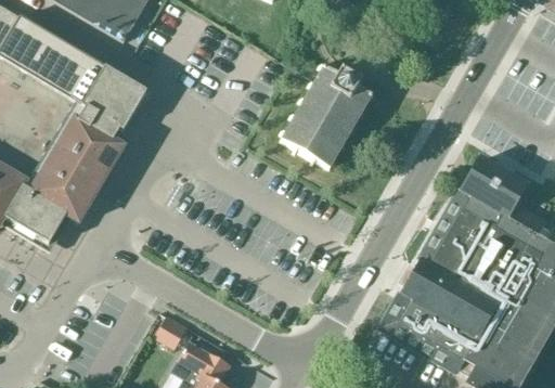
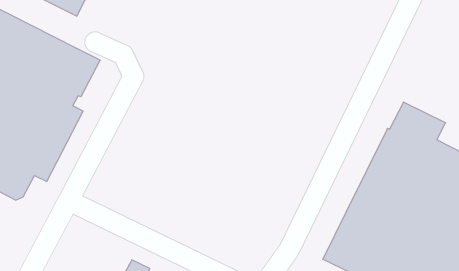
building: [280,65,375,168] -> none

